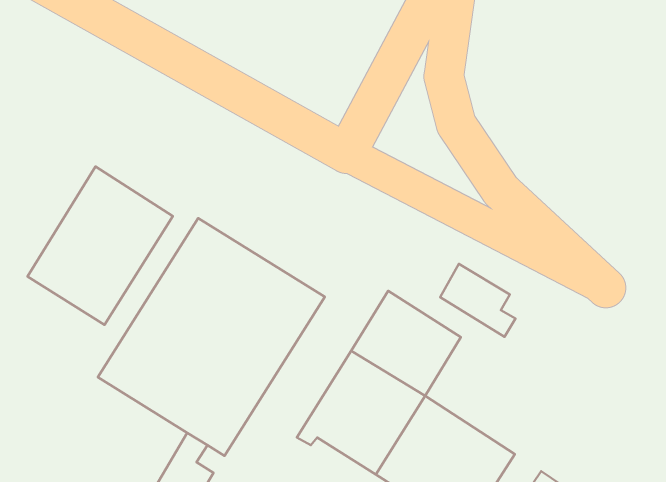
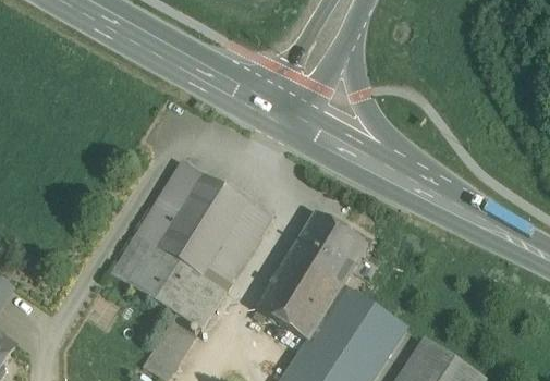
building: [28,167,173,325] -> none
building: [440,264,515,337] -> none

